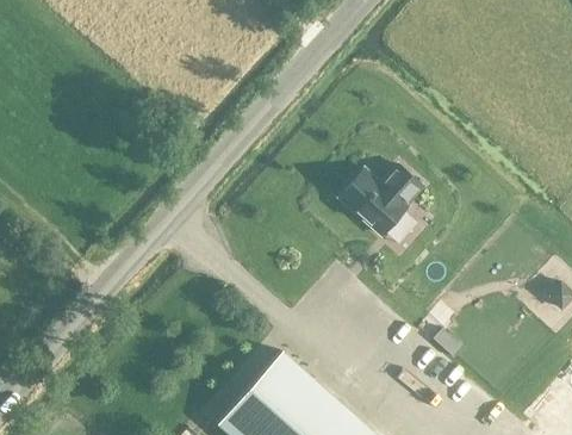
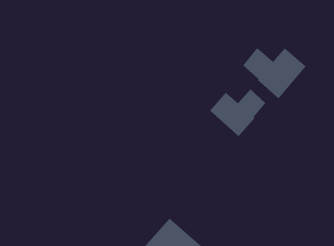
building: none -> [243,47,307,99]

